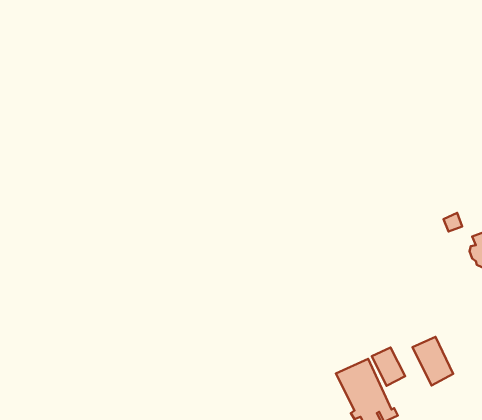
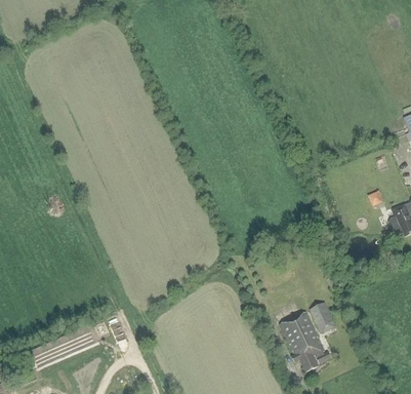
building: [412,337,453,385] -> none

